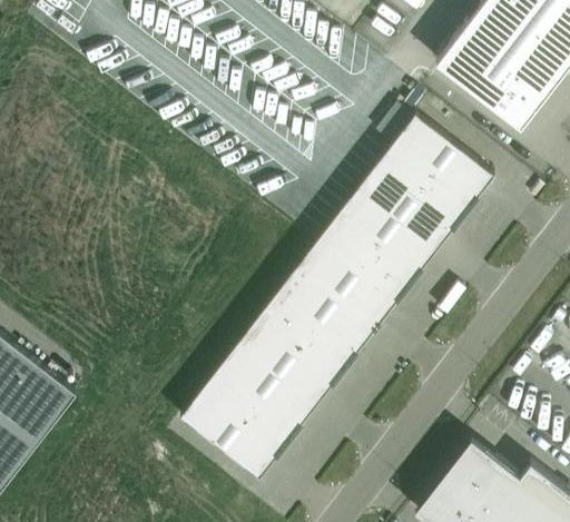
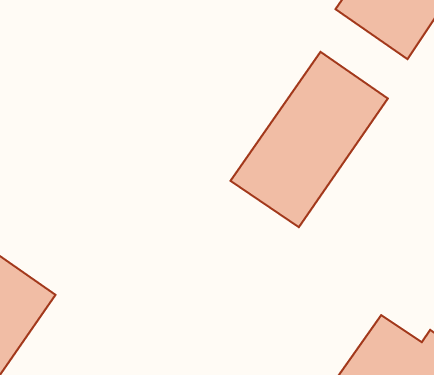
building: [179,267,376,480] -> none

